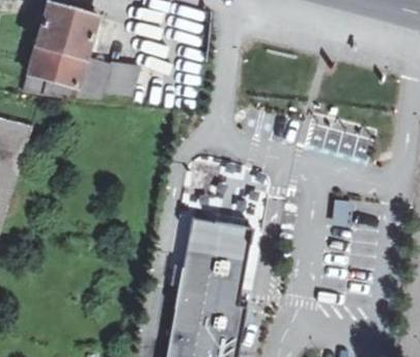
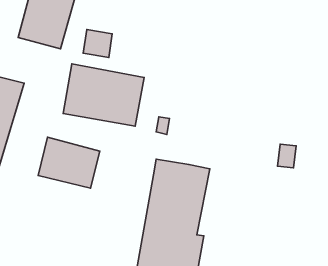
building: none -> [63,64,144,126]
building: none -> [38,137,100,188]

